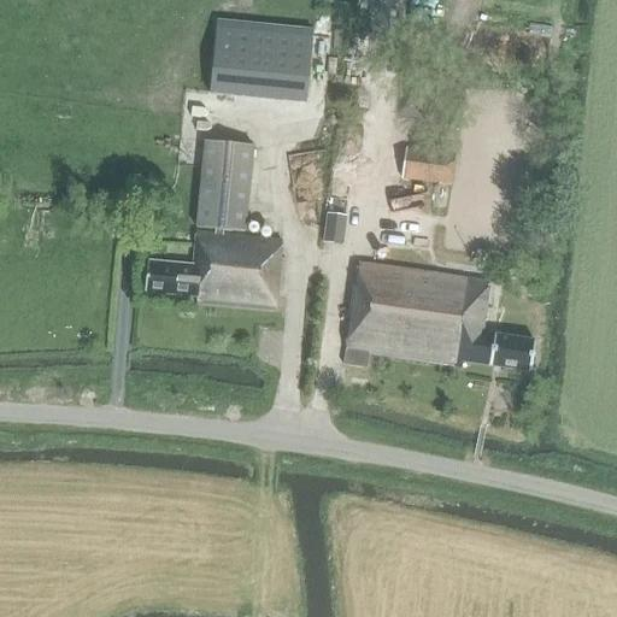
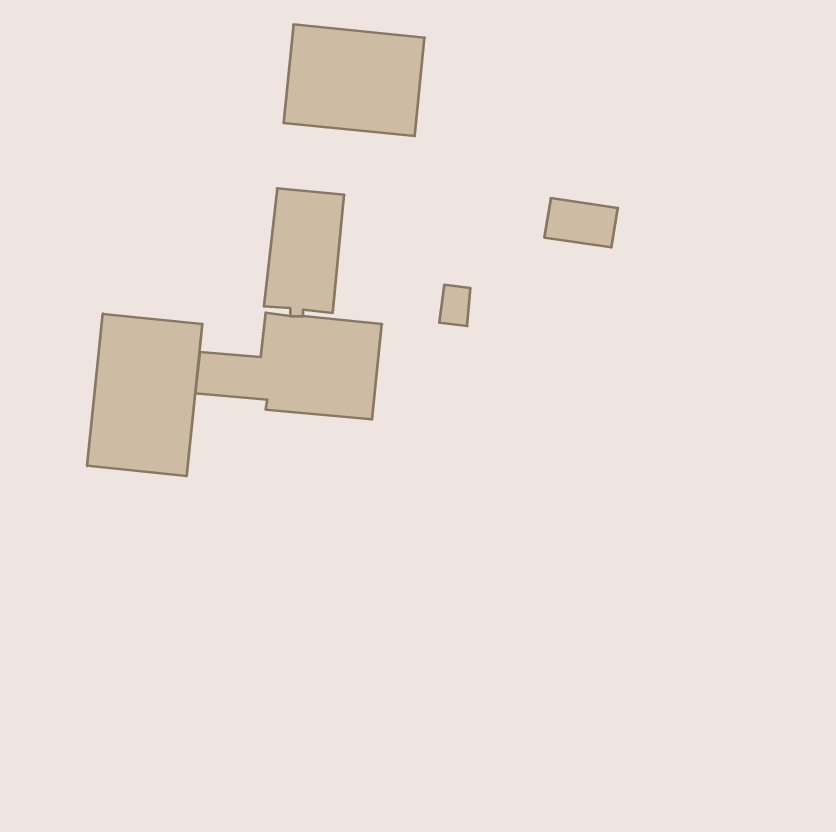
building: none -> [87,314,202,476]
building: [343,260,535,369] -> none

